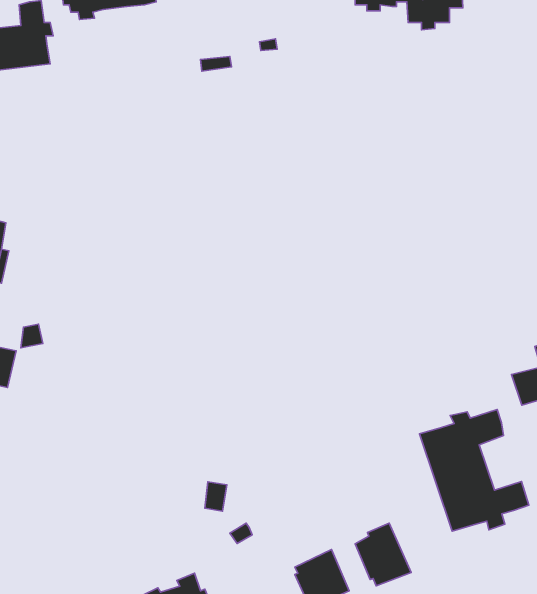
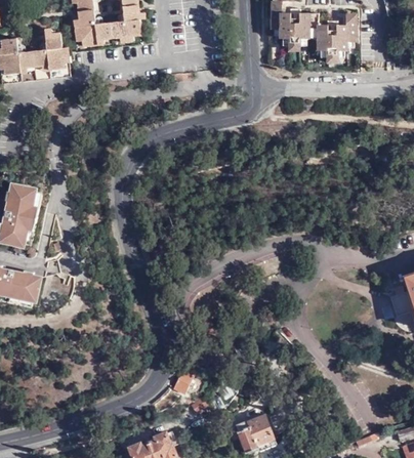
building: [420,409,529,531] -> none
building: [355,523,411,586] -> none

